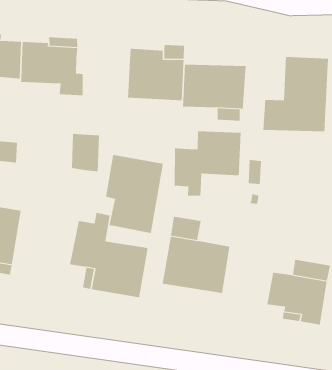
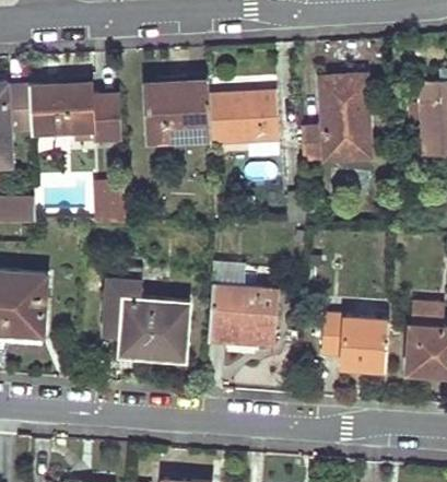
building: none -> [91,99,121,142]
building: [174,130,241,196] -> none
building: [106,154,164,234] -> none

